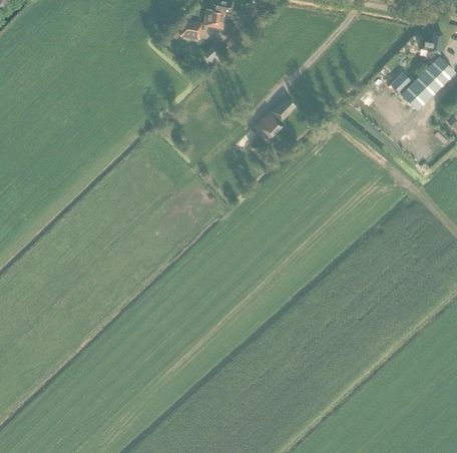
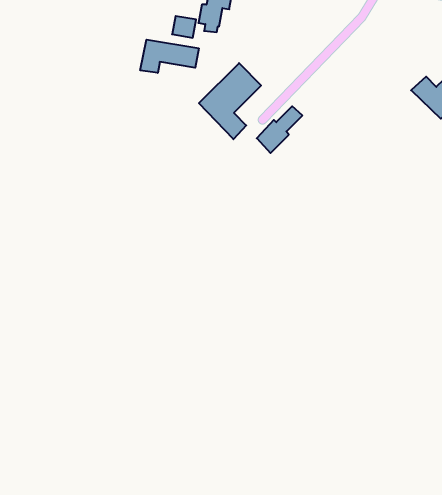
building: none -> [140,40,199,73]
building: none -> [199,63,261,139]

